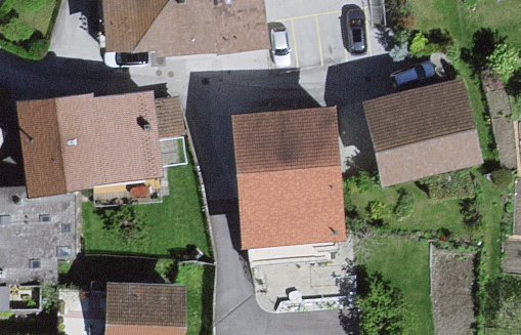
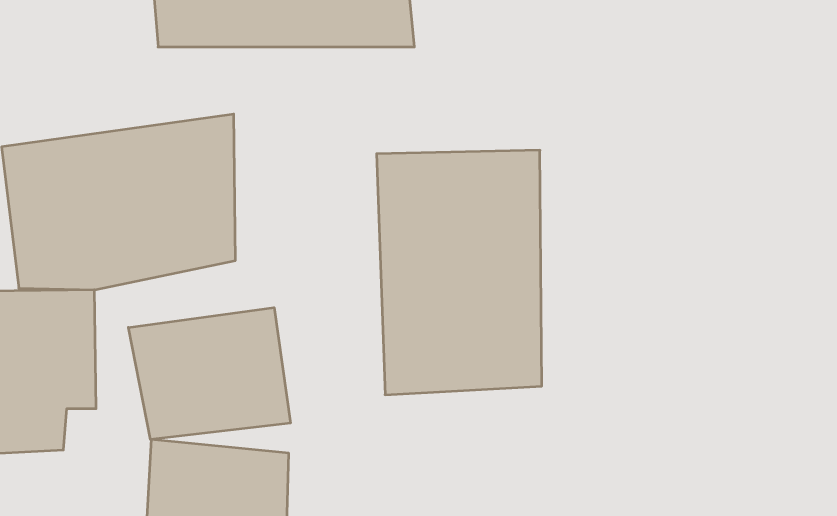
building: [360,77,480,195] -> none
building: none -> [128,308,290,440]

